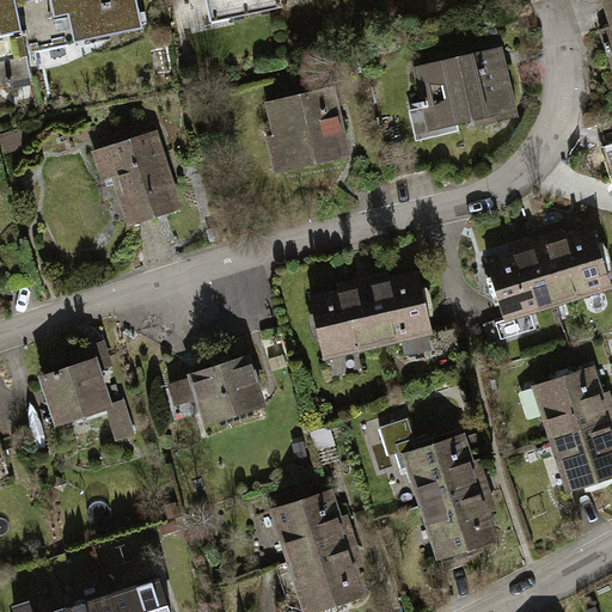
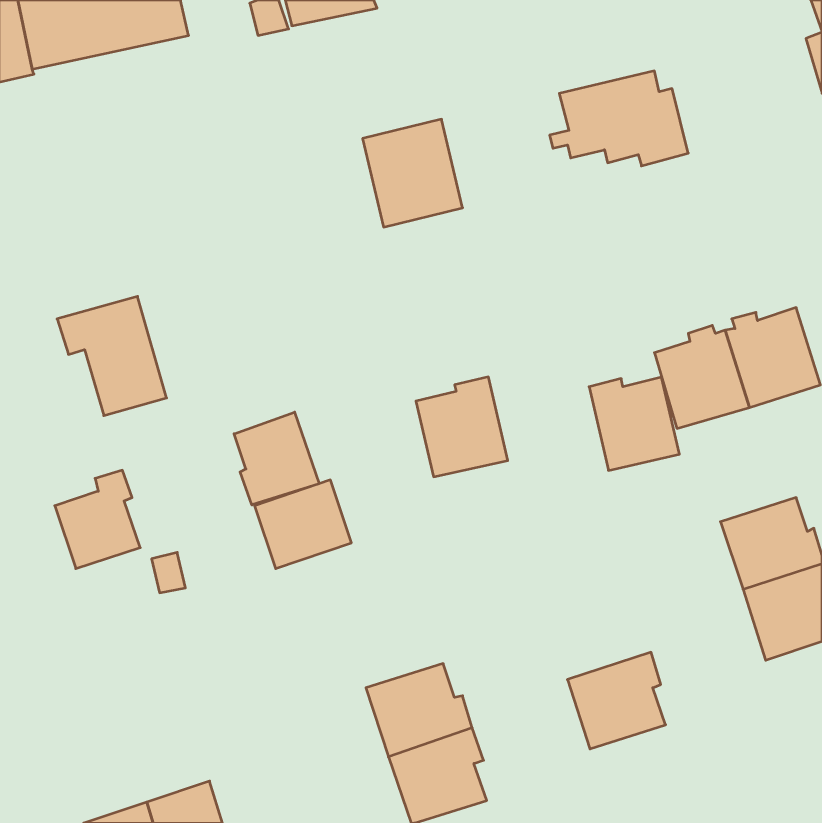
building: [93,134,175,222] -> [57,296,167,416]
building: [362,273,429,342] -> [589,377,679,470]
building: none -> [234,412,319,505]
building: [392,417,483,504] -> none

